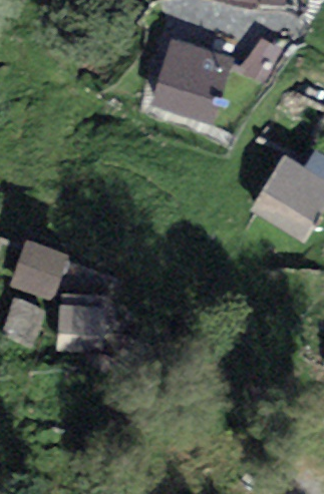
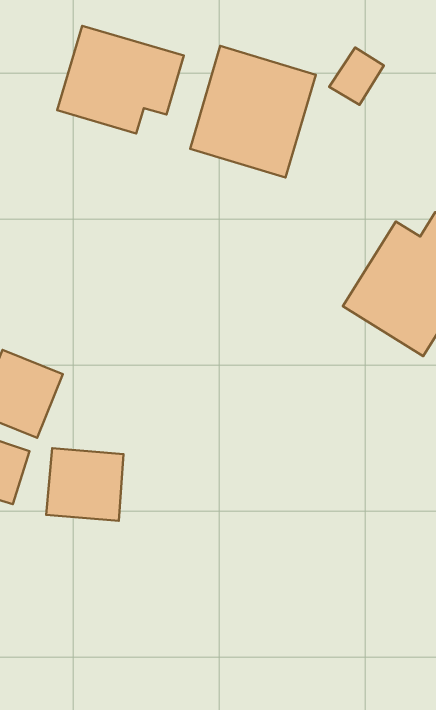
building: none -> [57,26,184,134]

